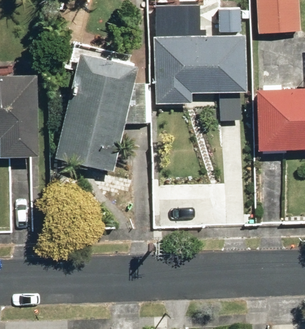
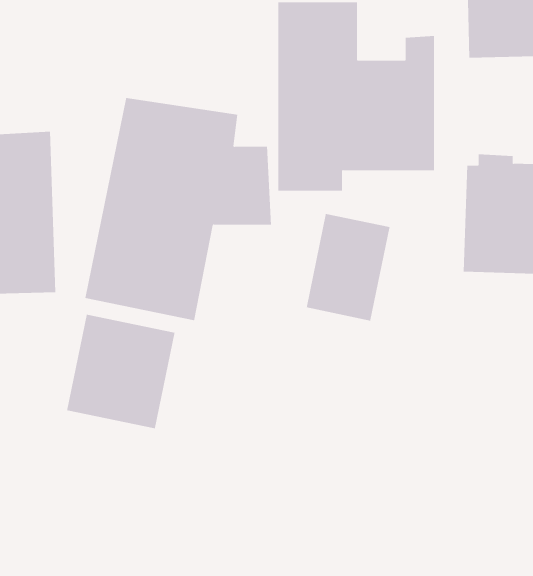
building: none -> [306,213,390,321]
building: none -> [66,314,175,429]

